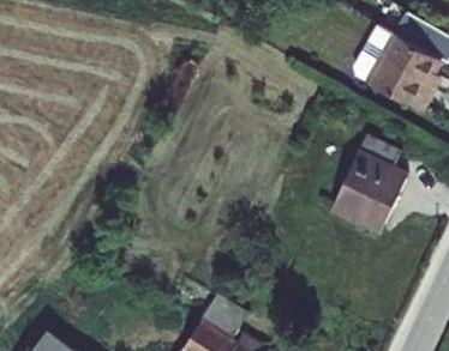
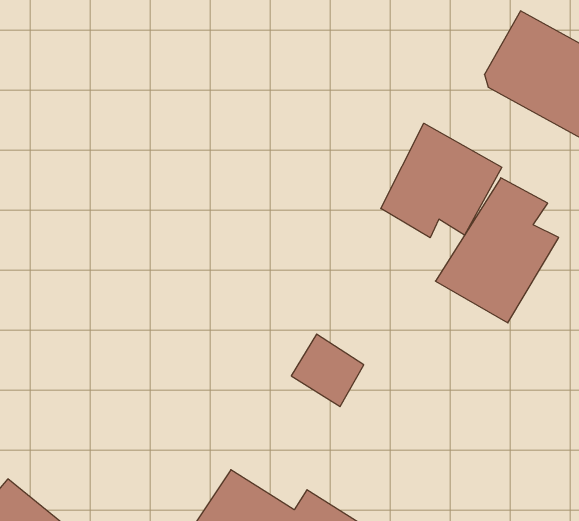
building: none -> [381,123,502,238]
building: [196,288,244,335] -> [291,334,364,407]

